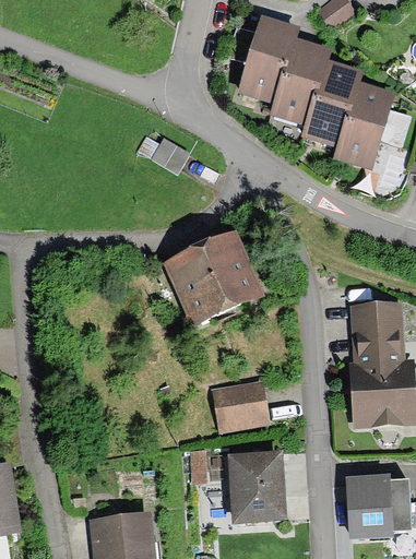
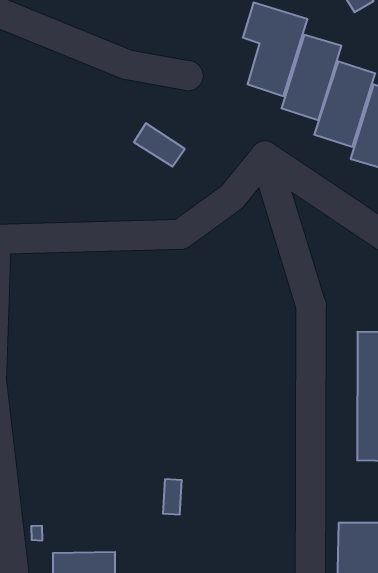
building: [169,239,254,323] -> none
building: [217,385,266,425] -> none
building: [229,454,281,520] -> none

